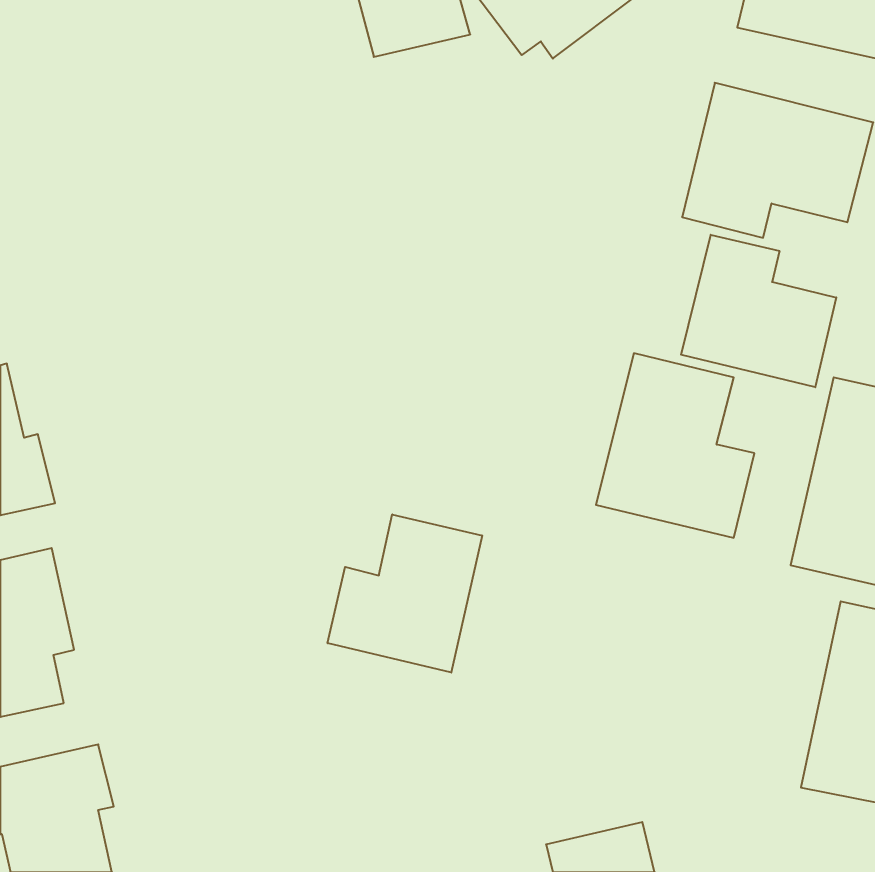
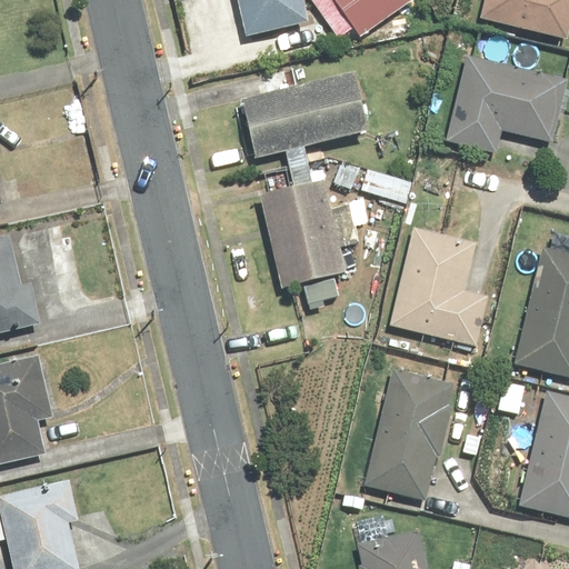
building: none -> [239,73,363,169]
building: [681,235,836,387] -> none
building: none -> [257,178,346,289]
building: [328,514,482,673] -> none
building: none -> [366,348,453,500]

